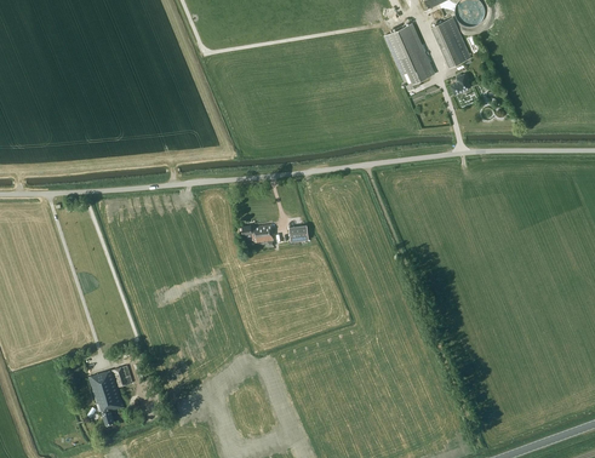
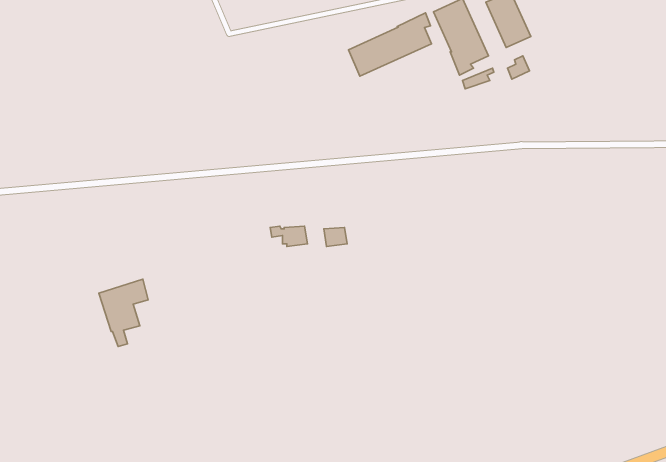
building: none -> [349,13,432,76]
building: [88,365,132,424] -> [99,279,148,347]

